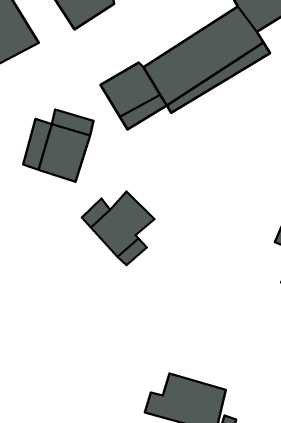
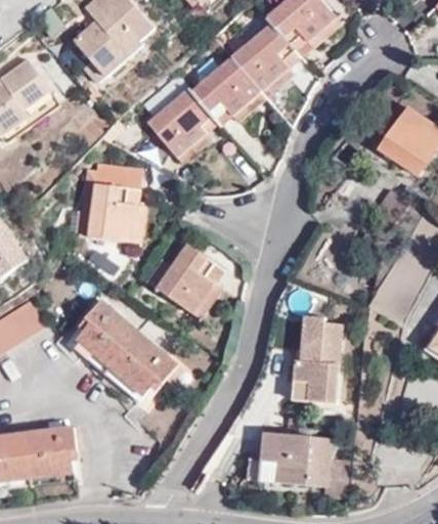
building: none -> [72,296,171,391]
building: none -> [289,311,345,400]

